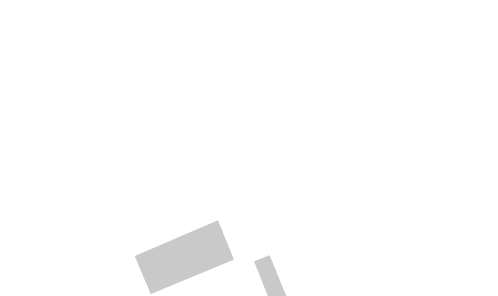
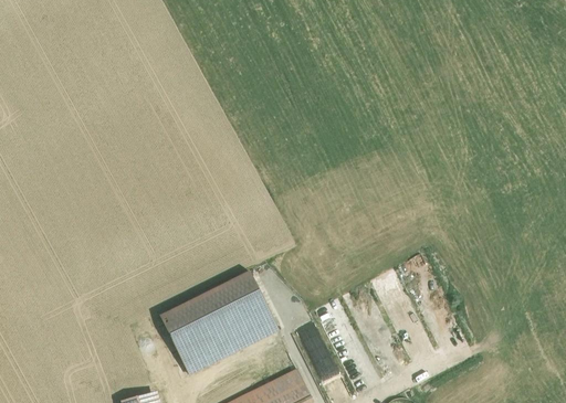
building: none -> [158,269,256,335]

